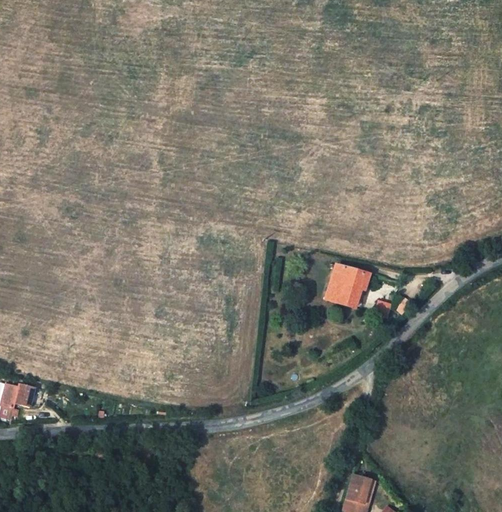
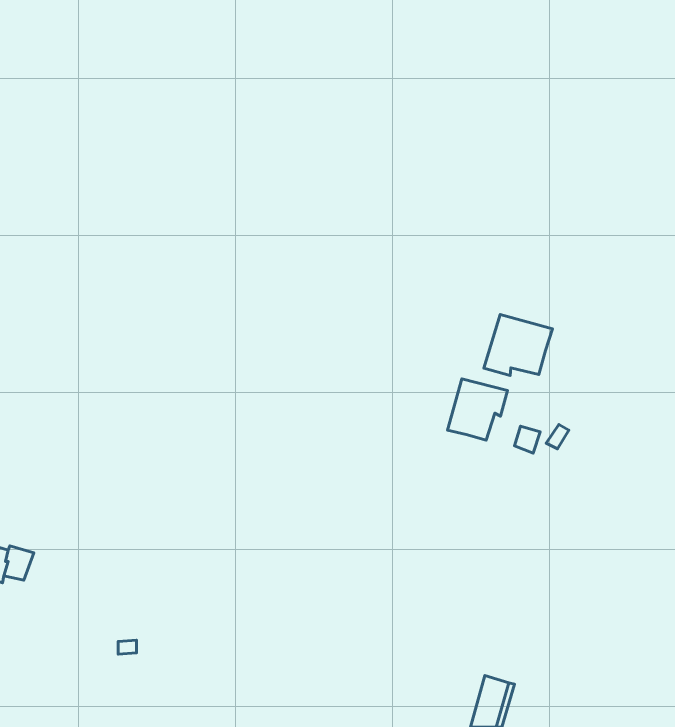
building: none -> [484,314,552,376]

